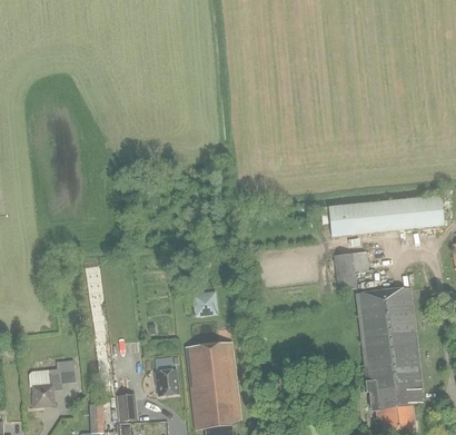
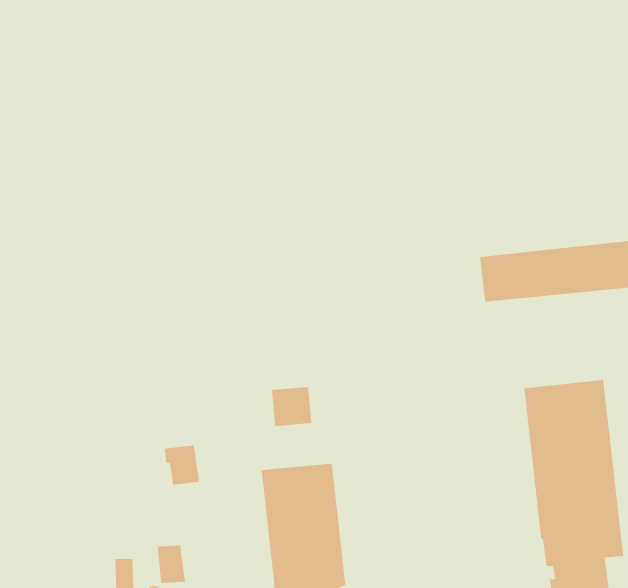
building: [336,250,367,290] -> none
building: [155,368,178,395] -> [164,445,200,486]
building: [28,369,62,407] -> none

